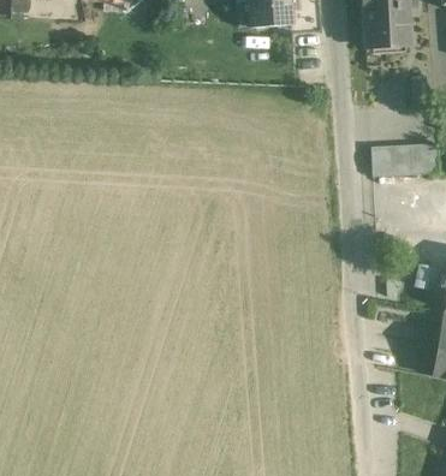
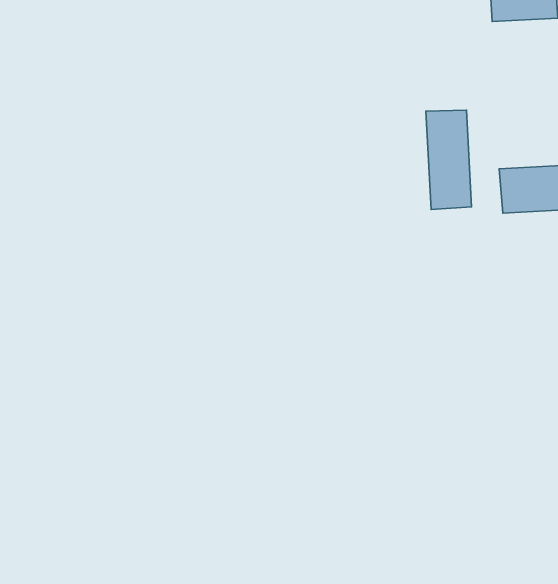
building: none -> [426,110,472,210]

